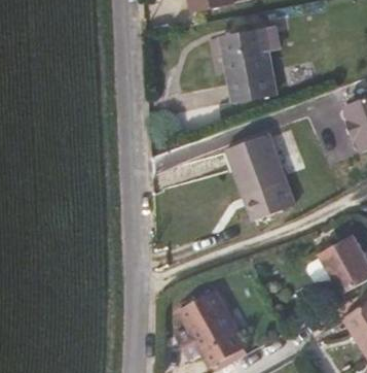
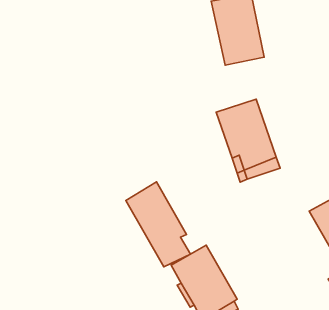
building: none -> [126,182,190,267]

